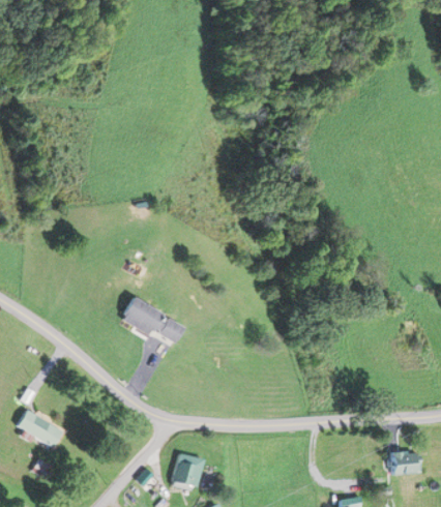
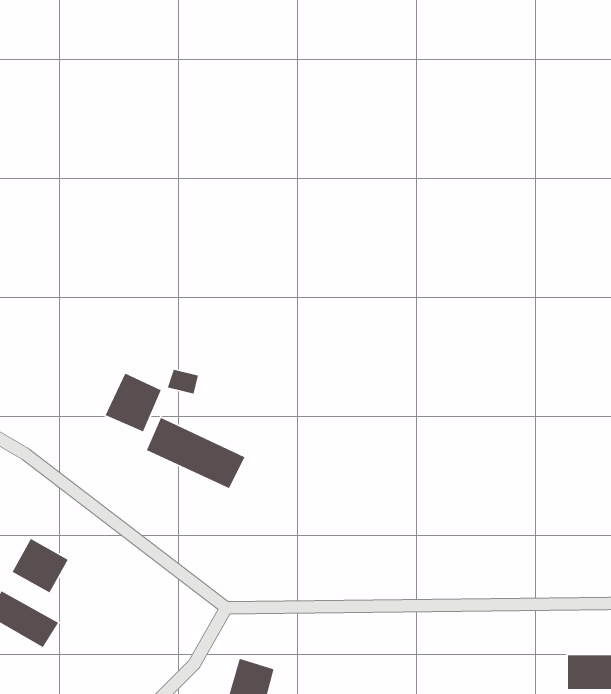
building: none -> [105,373,162,432]
building: none -> [11,538,69,594]

